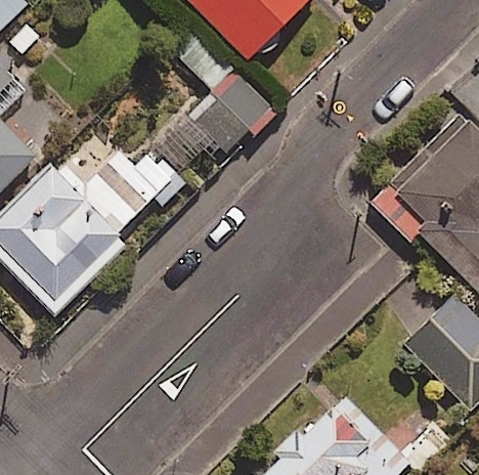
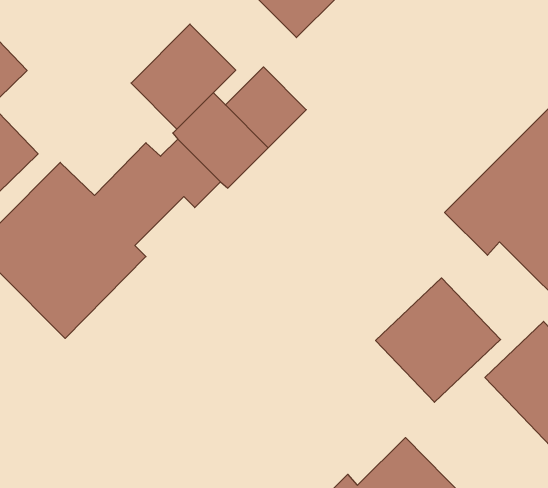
building: none -> [131,24,236,129]
building: none -> [376,278,501,402]

